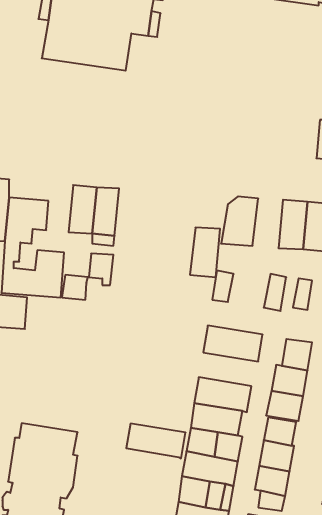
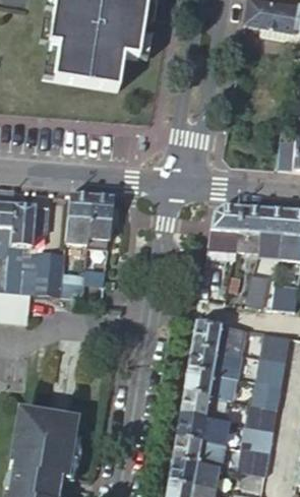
building: [190,228,220,277] -> [235,206,262,251]
building: [126,424,186,458] -> [186,346,240,377]

